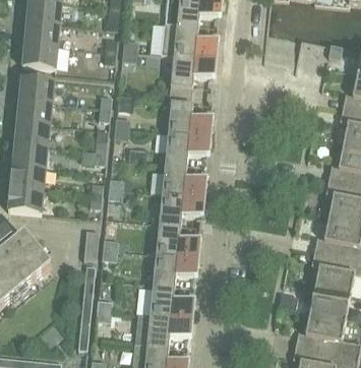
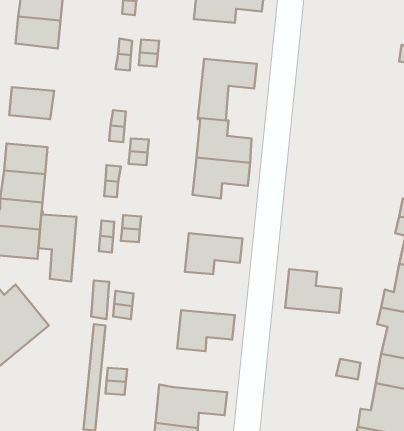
building: [163,22,218,58] -> none
building: [22,42,58,68] -> none
building: [17,99,52,124] -> none
building: [162,162,205,196] -> none
building: none -> [38,211,76,282]
building: [156,223,200,257] -> [285,269,342,313]
building: [149,284,194,318] -> none

